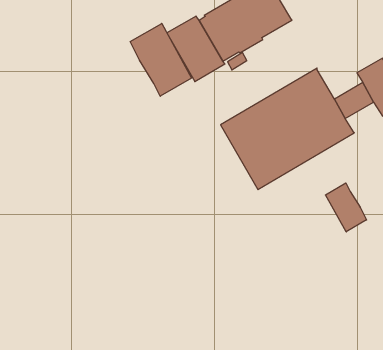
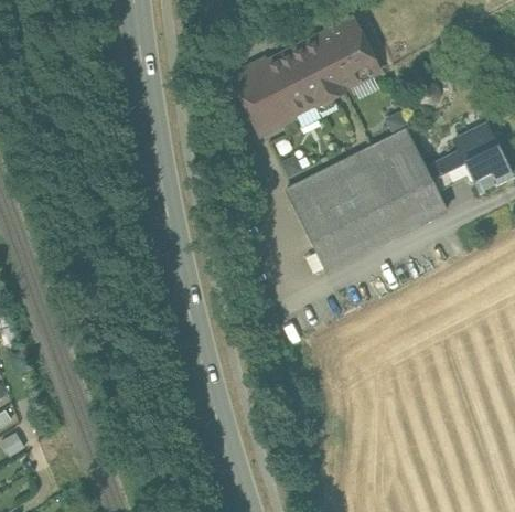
building: [130,23,192,96] -> none
building: [325,183,367,232] -> none

